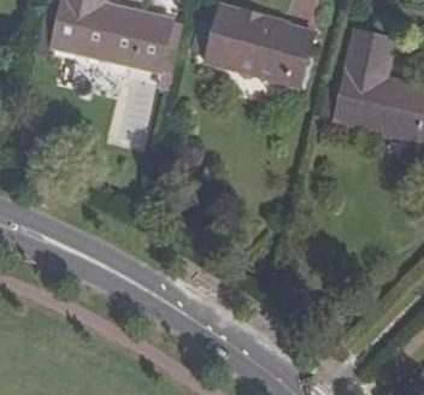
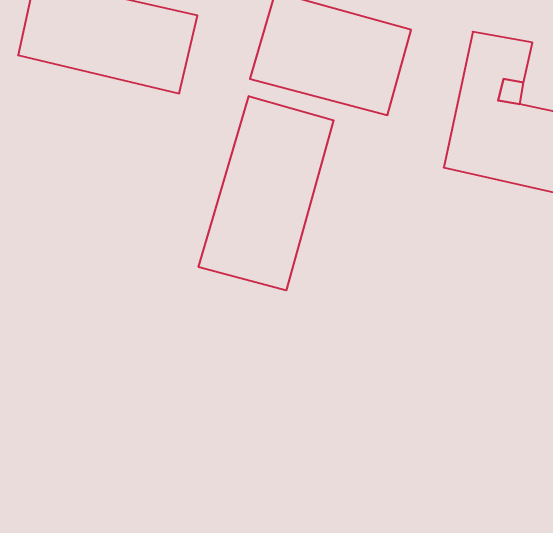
building: none -> [199,96,334,290]

